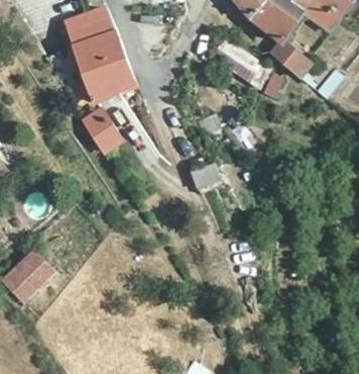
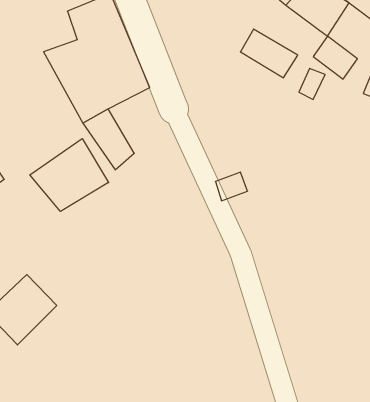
building: none -> [30,139,109,211]

